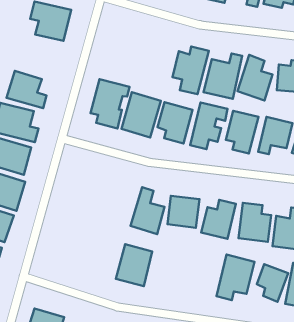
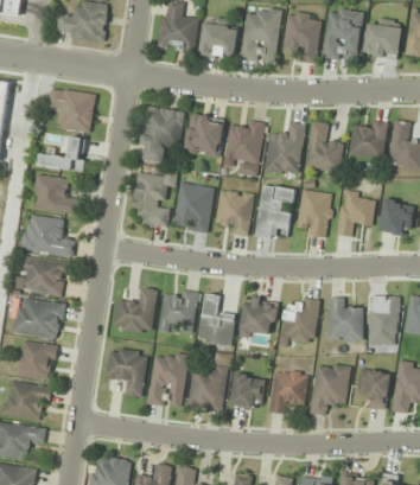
building: none -> [140,107,185,164]
building: none -> [185,114,224,157]
building: none -> [37,136,87,172]
building: none -> [114,288,157,334]
building: none -> [158,291,197,336]
building: none -> [106,347,147,397]
building: none -> [147,352,187,408]
building: none -> [231,375,263,408]
building: none -> [269,370,307,413]

